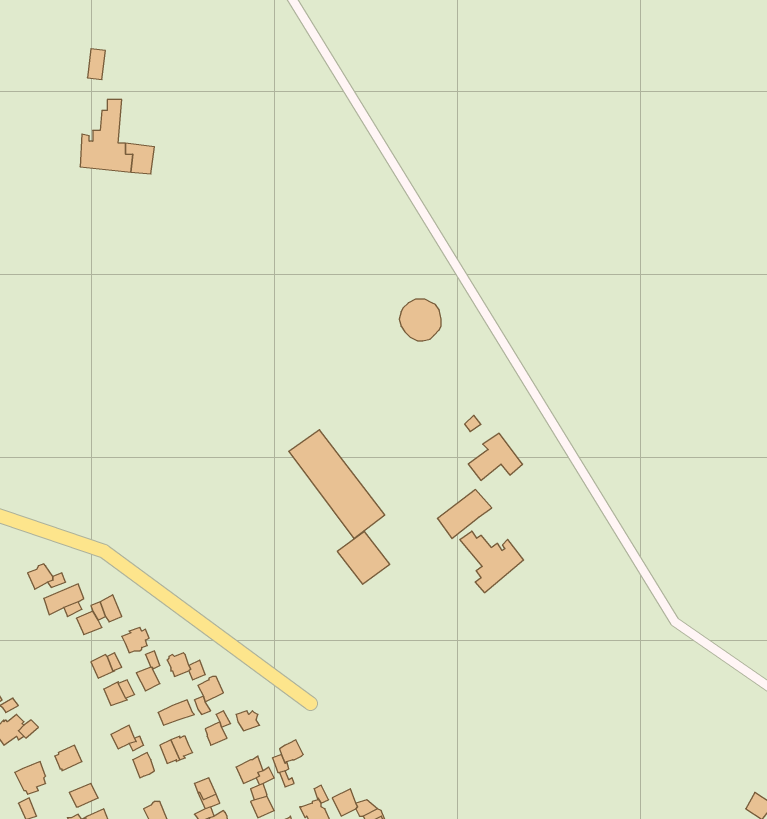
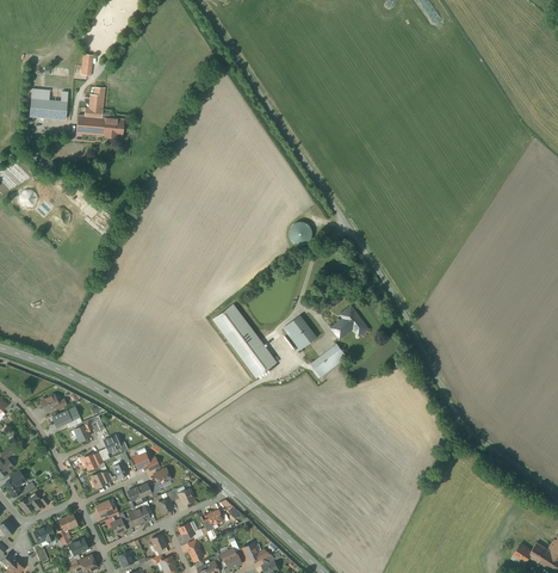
building: none -> [30,90,68,119]
building: [460,531,524,593] -> none
building: [337,532,390,584] -> [283,316,317,351]

